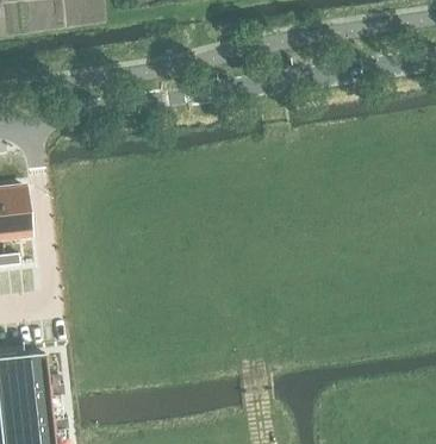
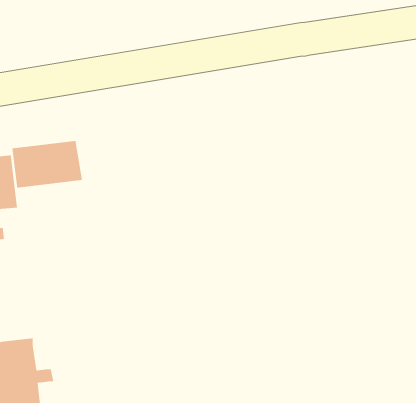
building: none -> [12,140,82,188]

